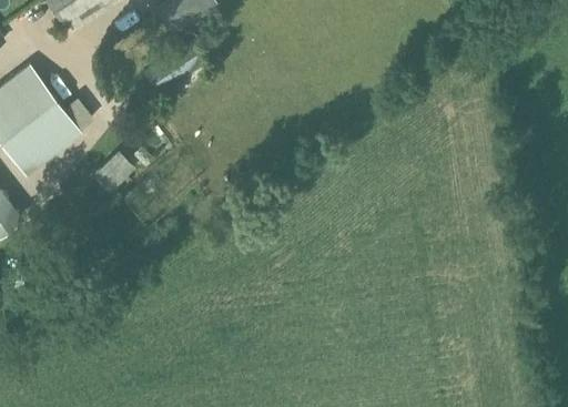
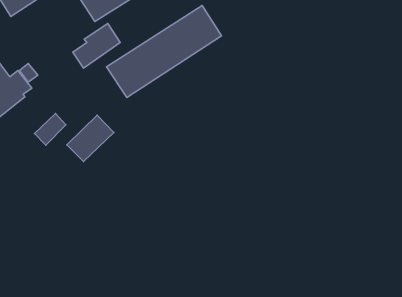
building: none -> [107,6,222,98]
building: none -> [67,115,114,161]

